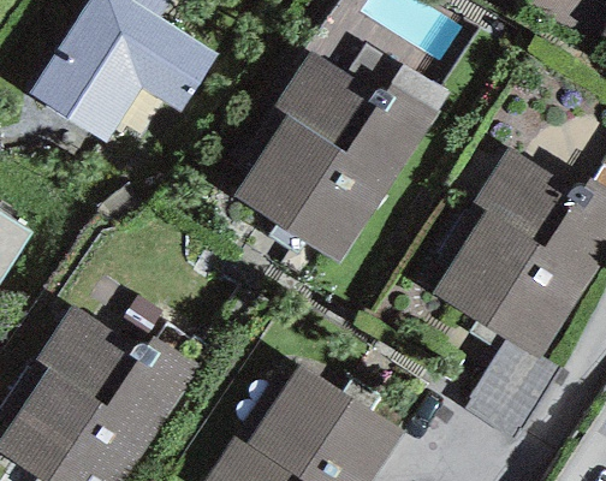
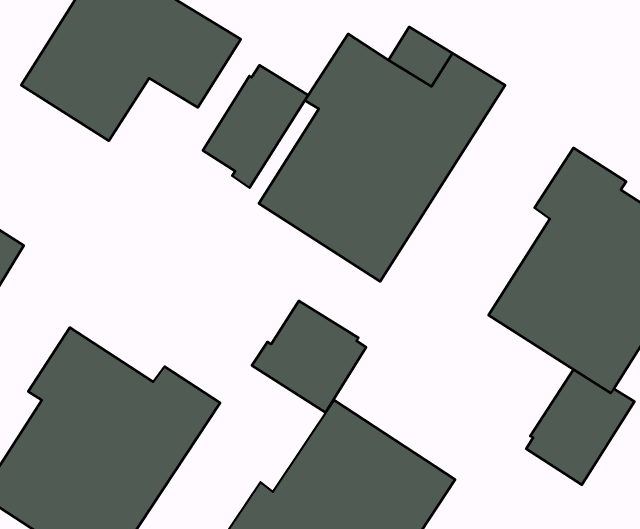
building: none -> [203,65,308,188]
building: none -> [252,301,366,412]

